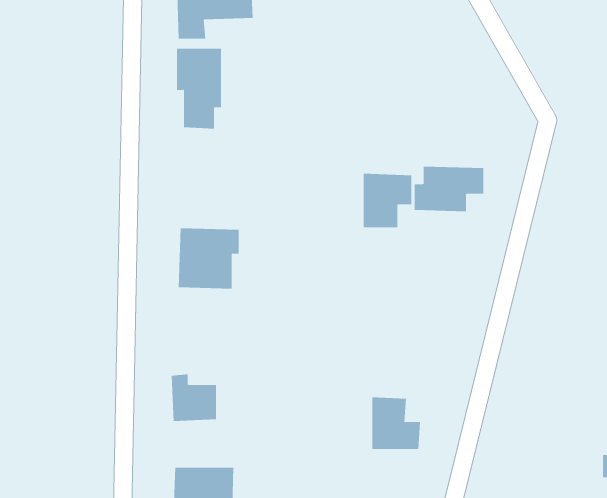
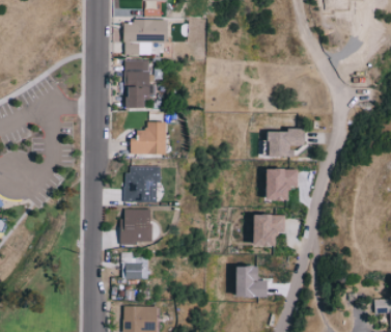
building: none -> [131,121,168,155]
building: [363,173,412,228] -> [269,168,298,200]
building: none -> [120,210,151,243]
building: none -> [256,214,284,246]

